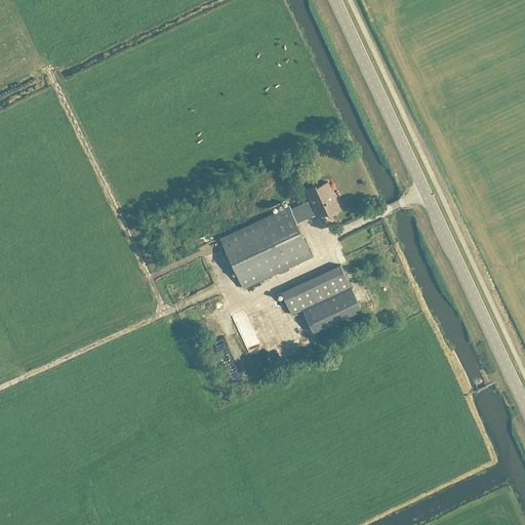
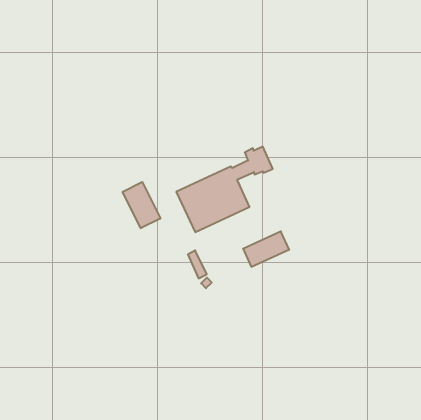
building: none -> [123,182,160,228]
building: [281,267,350,316] -> none

